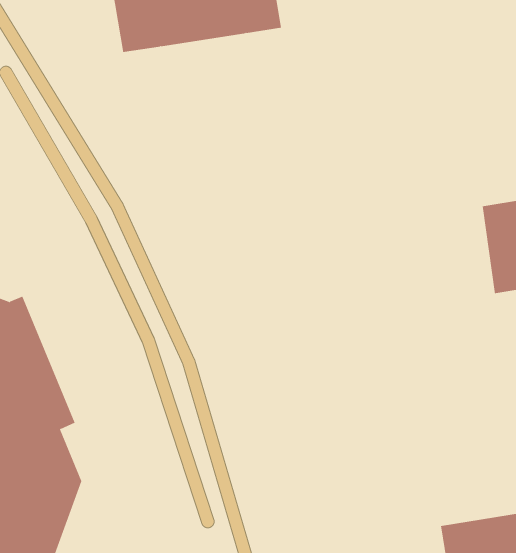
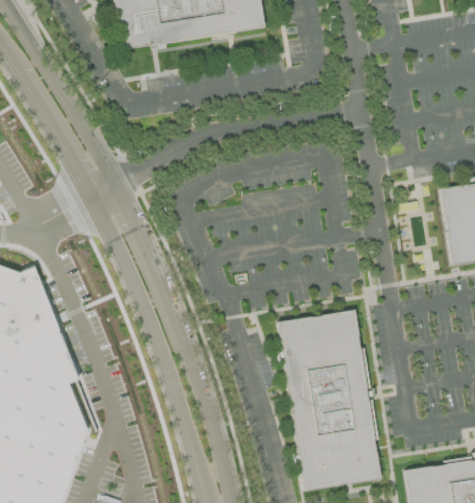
building: none -> [277,310,380,491]

